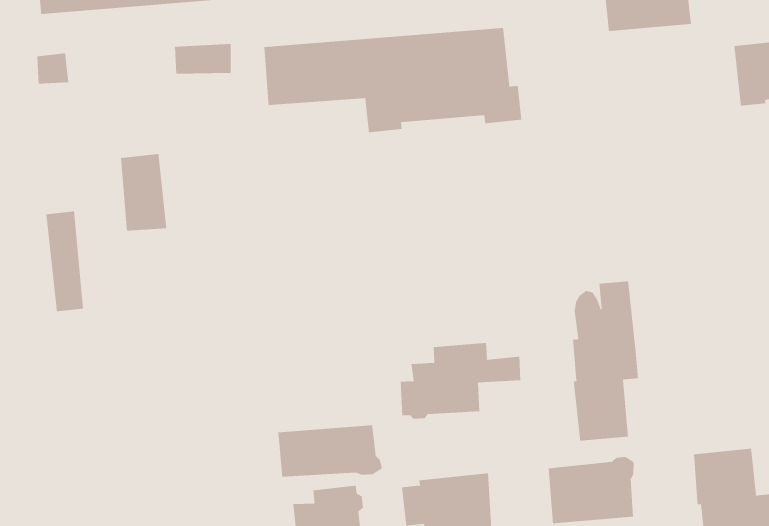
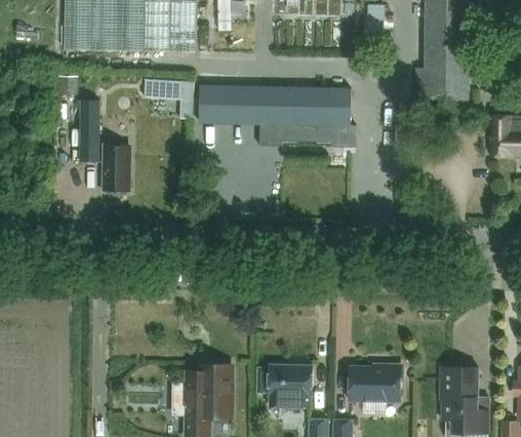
building: [46,211,84,312] -> [82,98,101,160]
building: [572,281,639,442] -> none
building: [400,342,521,420] -> none
building: [278,425,382,478] -> none

